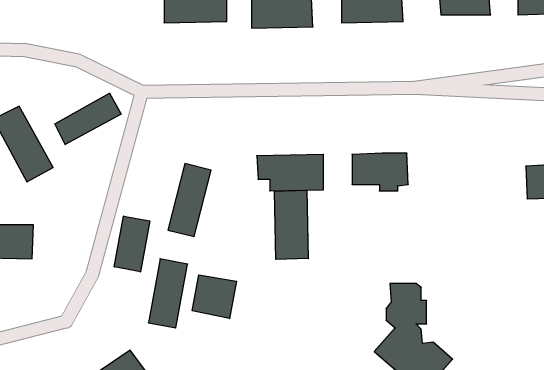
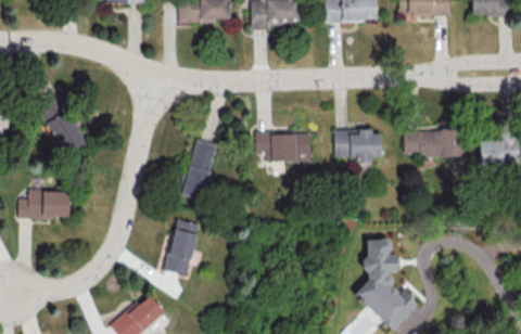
building: [55,93,121,145] -> none
building: none -> [403,129,462,157]
building: [275,190,308,259] -> none
building: [114,216,150,272] -> none
building: [192,275,237,319] -> none

